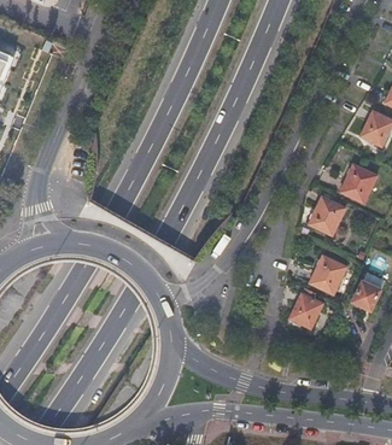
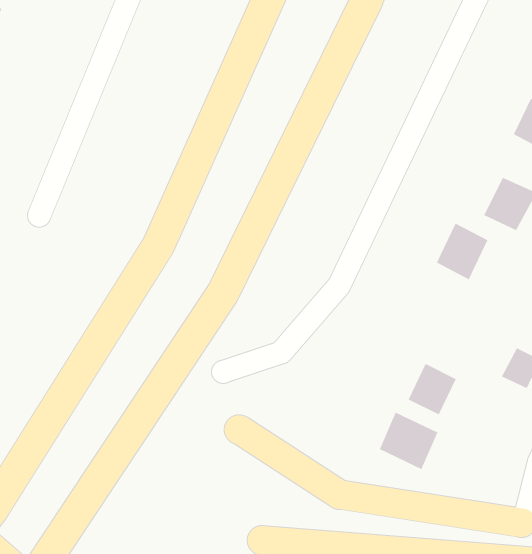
building: [311,256,345,293] -> none
building: none -> [379,411,438,470]

